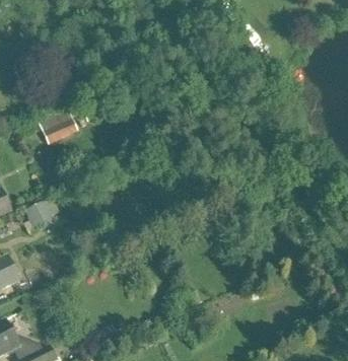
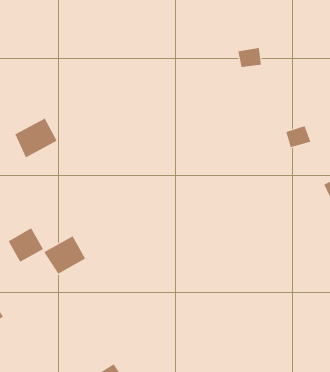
building: none -> [44,236,86,275]

